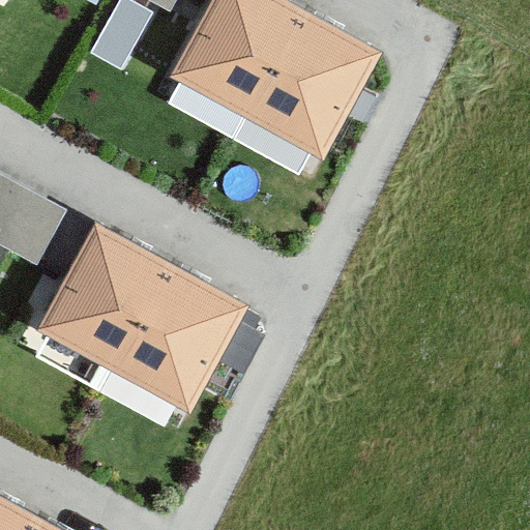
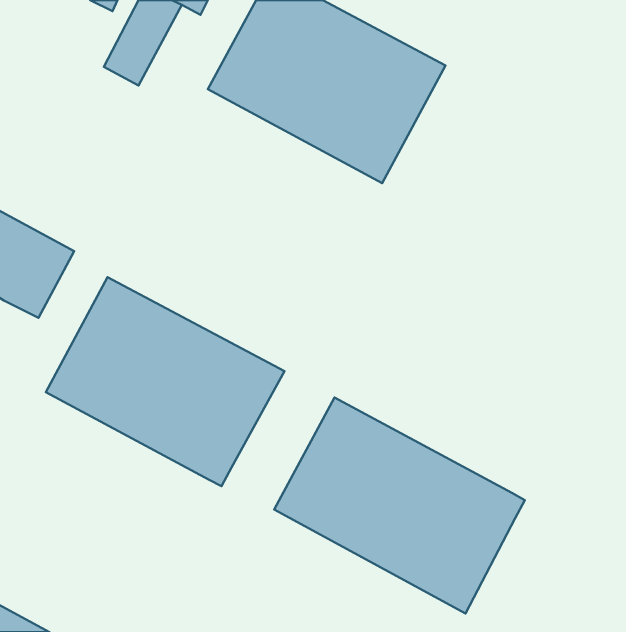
building: none -> [274,397,525,613]

